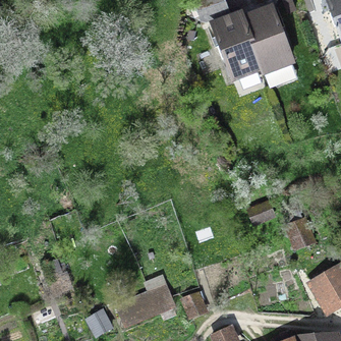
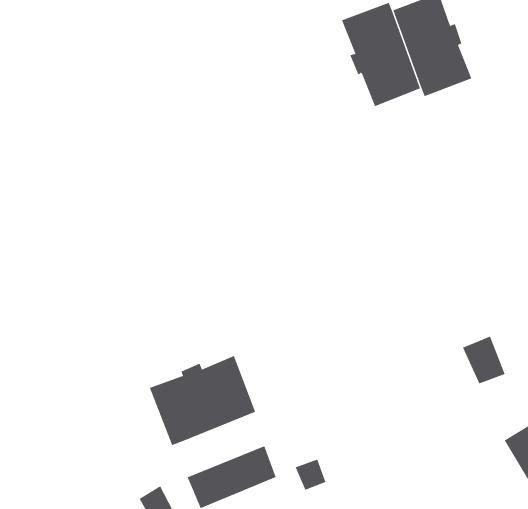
building: none -> [149,355,256,446]

